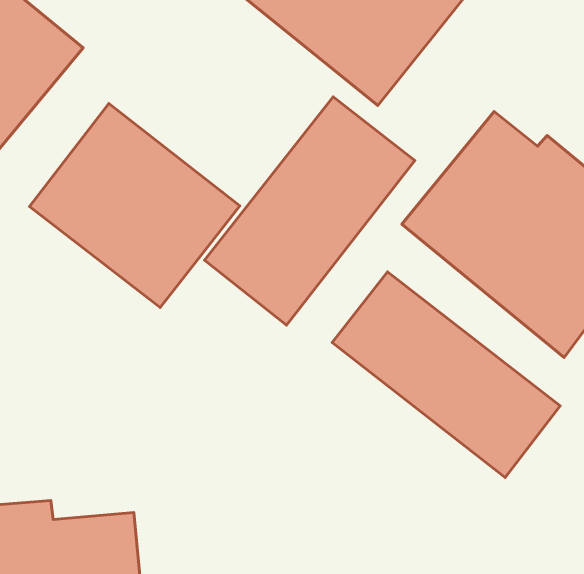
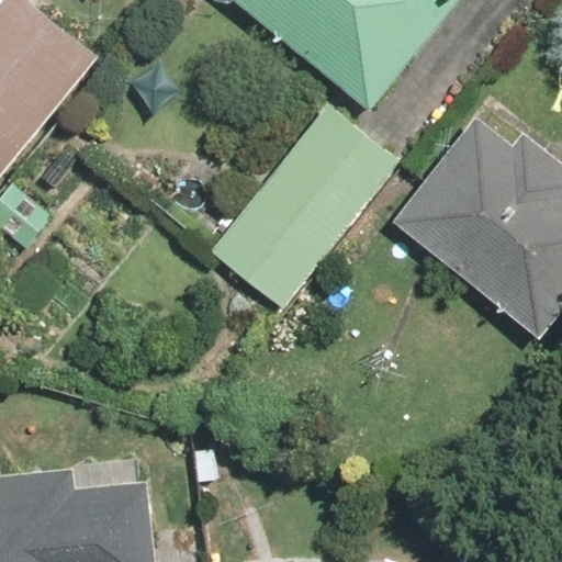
building: [29,104,240,307] -> none
building: [332,272,560,478] -> none

